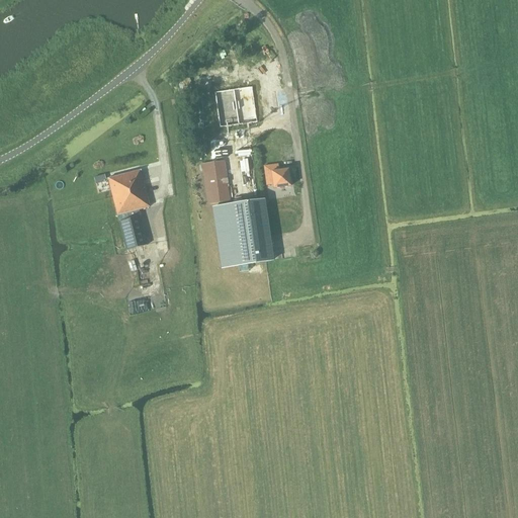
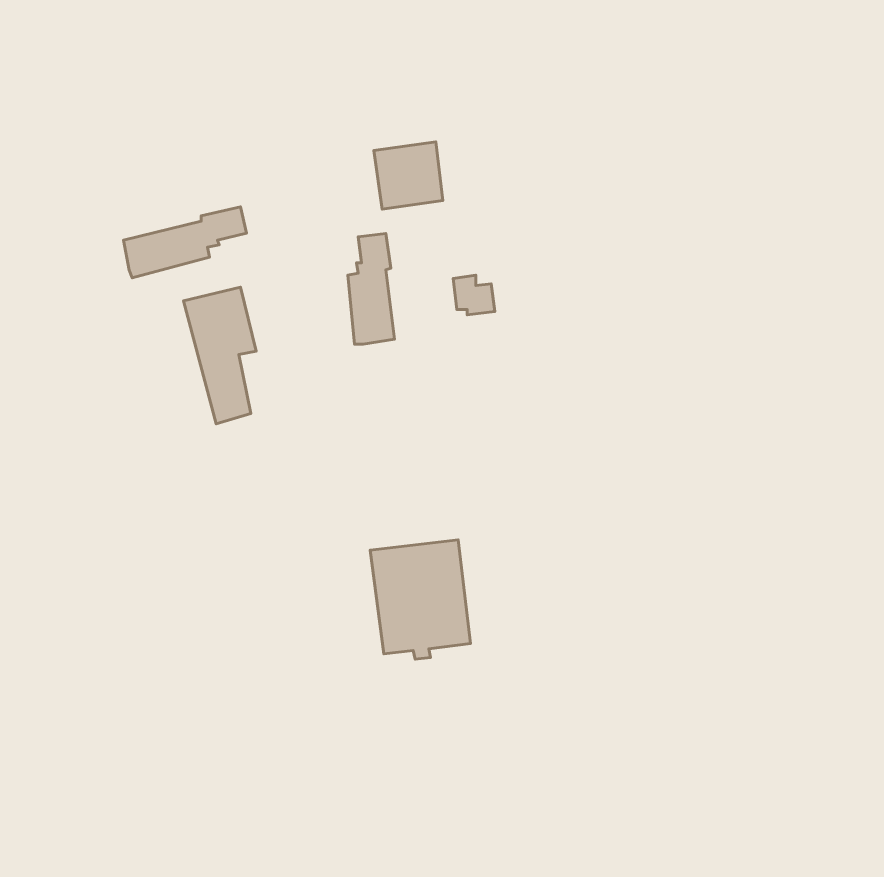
building: none -> [124,207,247,278]
building: [213,198,272,268] -> [370,540,470,659]

